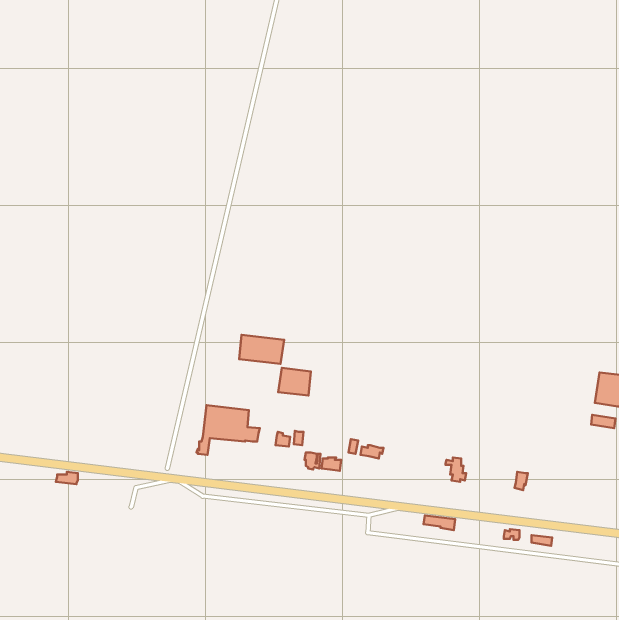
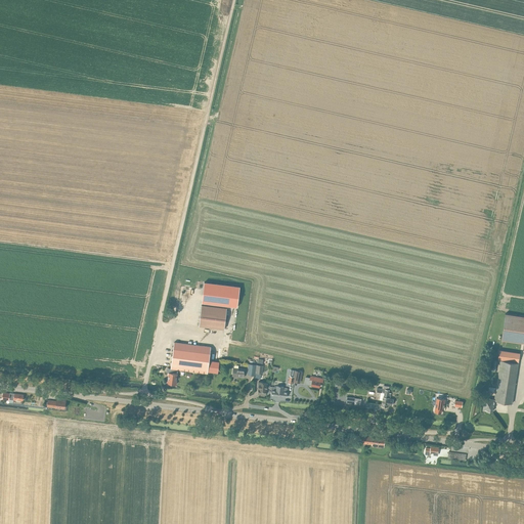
building: [278,368,311,396] -> [200,305,227,329]
building: none -> [483,360,519,411]

